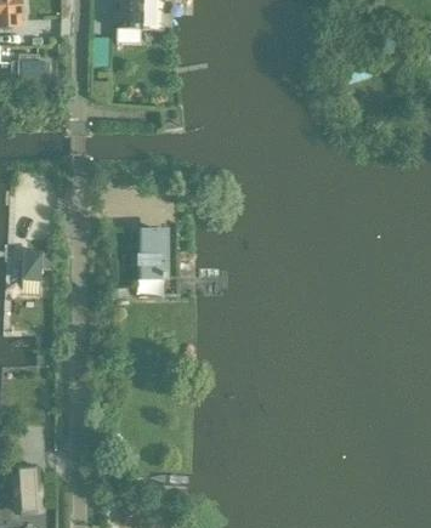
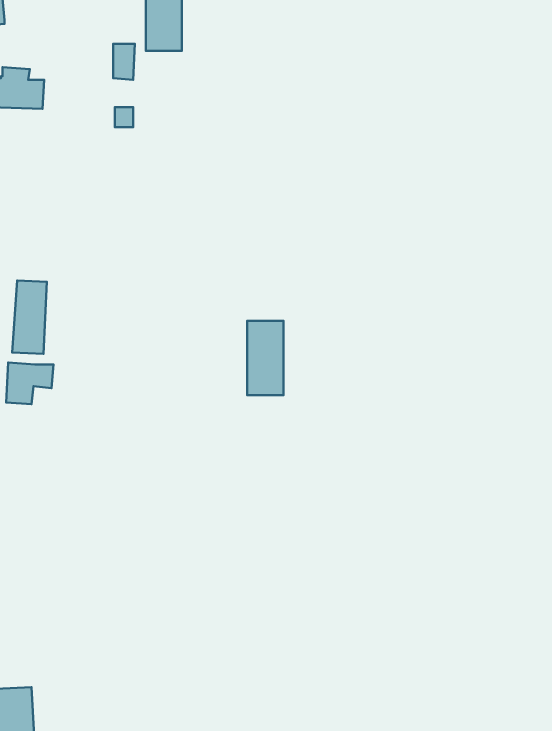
building: none -> [12,281,47,354]
building: [138,227,163,277] -> [247,321,283,395]

